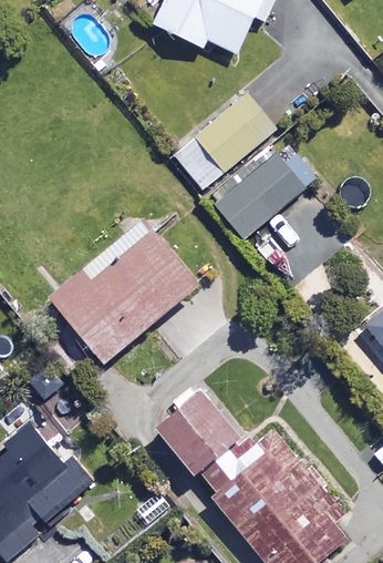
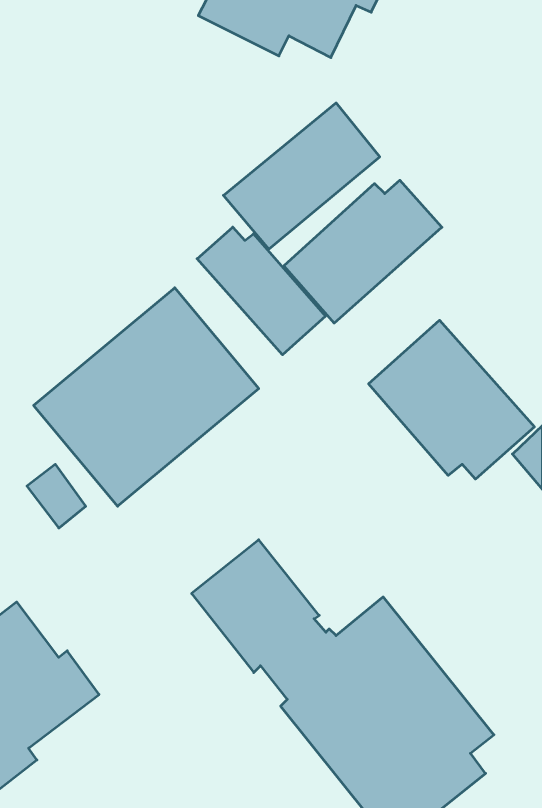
building: none -> [197,227,325,355]
building: none -> [369,320,534,479]

